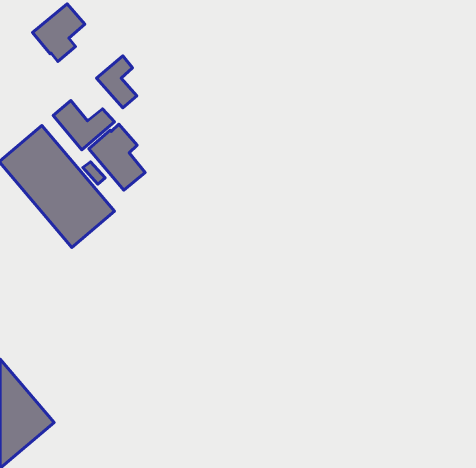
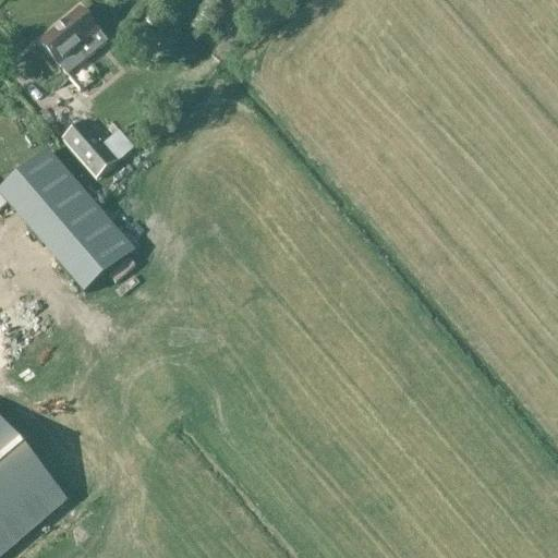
building: [97,56,137,108] -> none
building: [89,124,145,190] -> none

